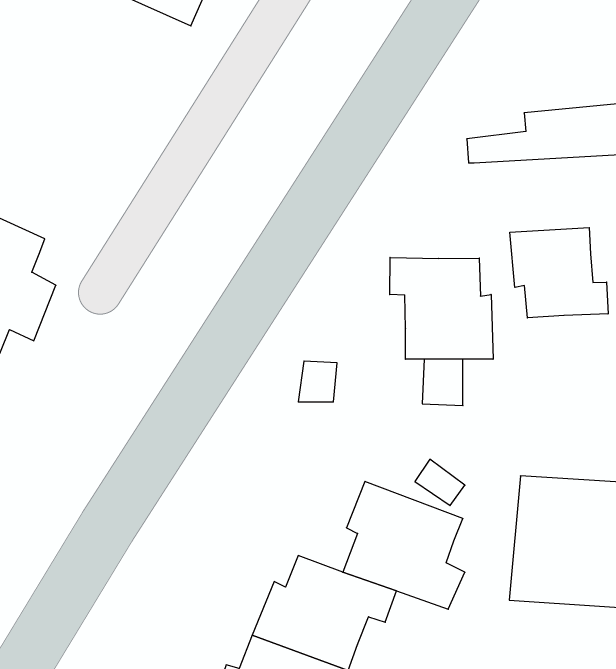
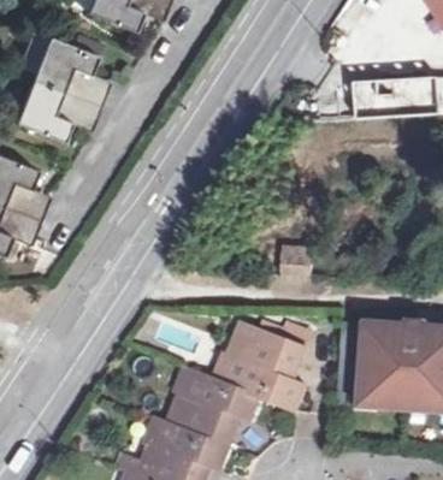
building: none -> [8,31,100,137]
building: [510,228,608,318] -> none
building: [390,257,493,359] -> none

